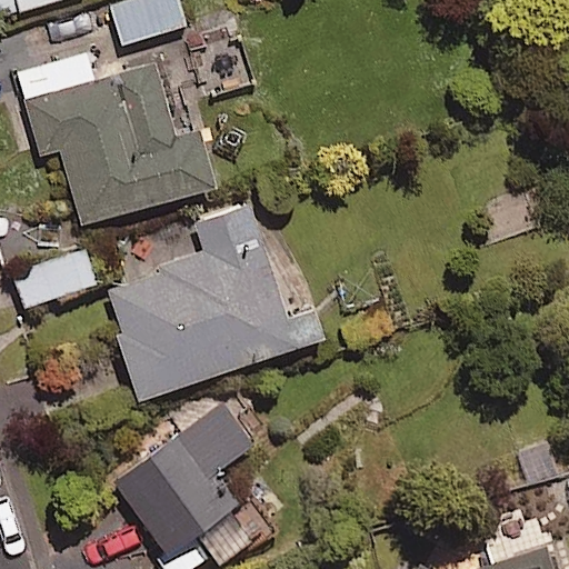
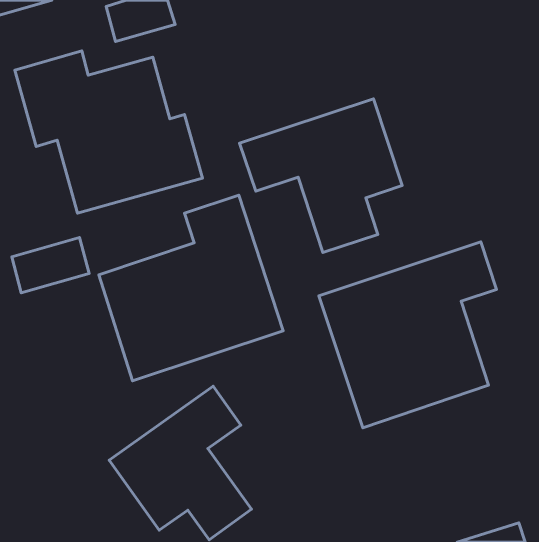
building: none -> [240,99,402,252]
building: none -> [319,242,496,428]

